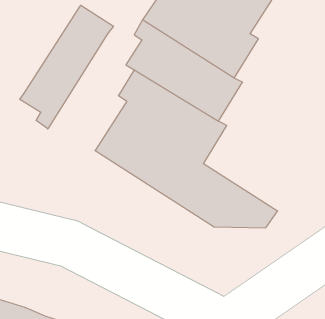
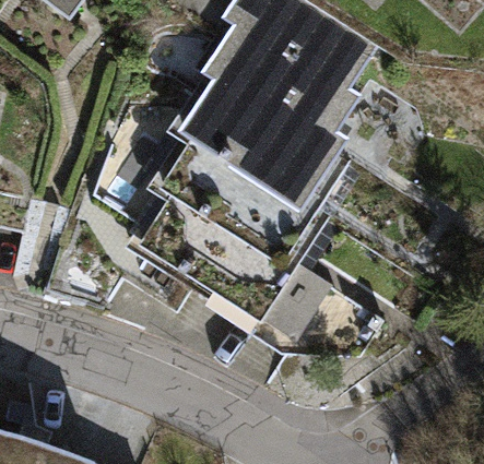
building: [20,5,113,129] -> none

